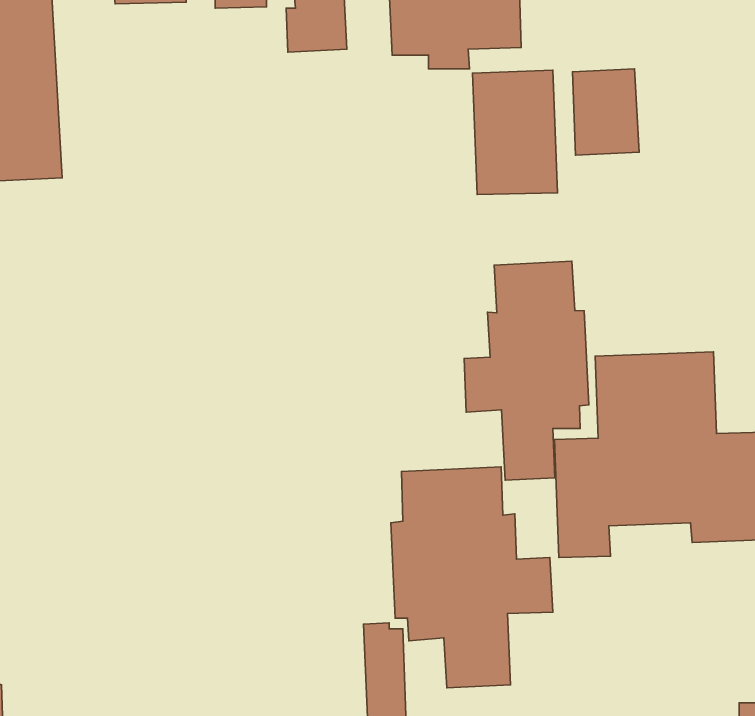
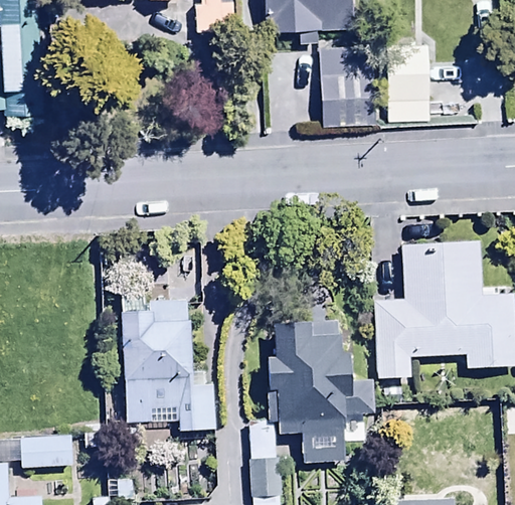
building: [464,261,589,480] -> none
building: none -> [122,295,216,431]
building: none -> [20,434,74,467]

